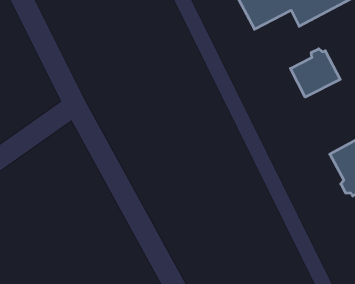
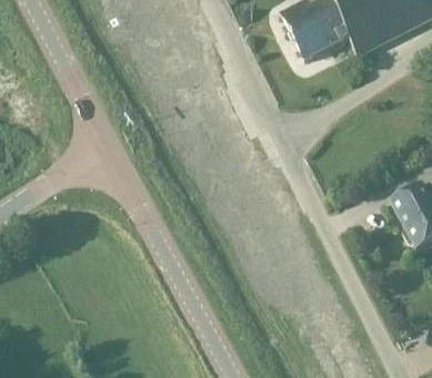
building: [290,49,340,97] -> none

